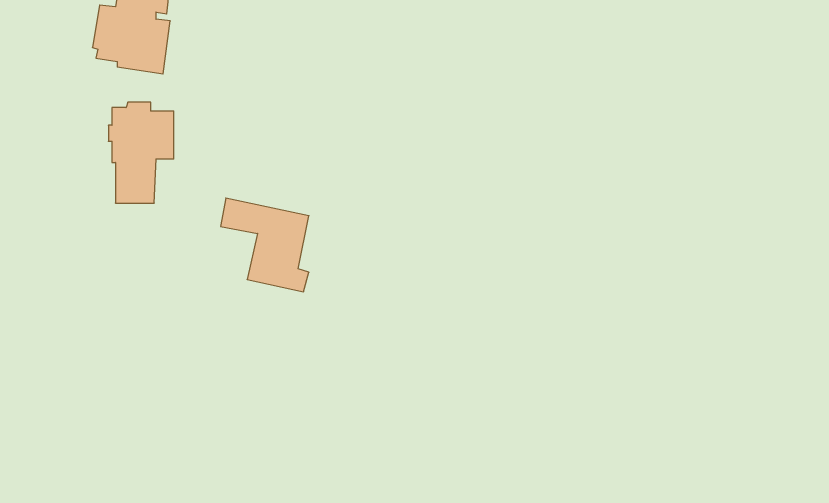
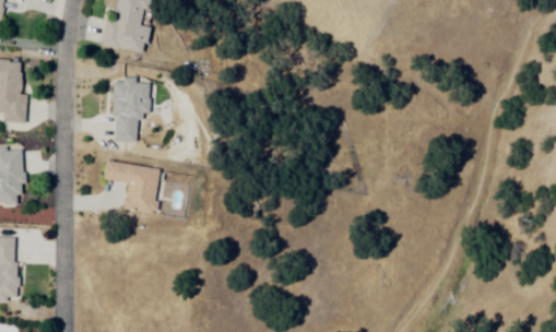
building: [221,198,309,292] -> [103,158,157,216]

